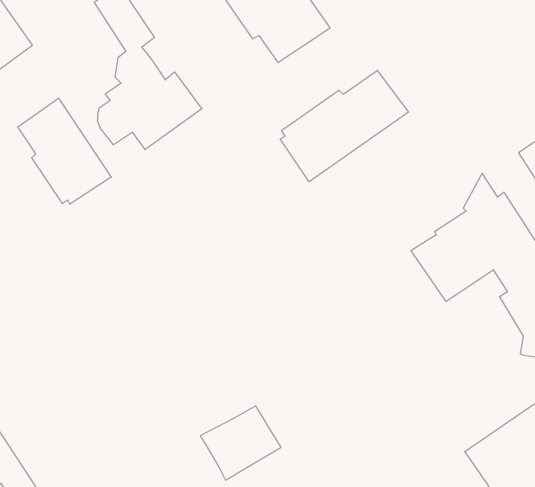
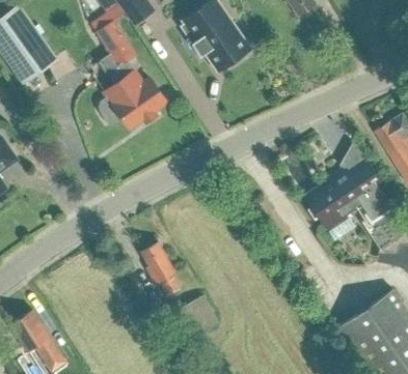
building: [280,70,409,182] -> none
building: [18,98,111,204] -> none
building: none -> [141,242,181,299]

